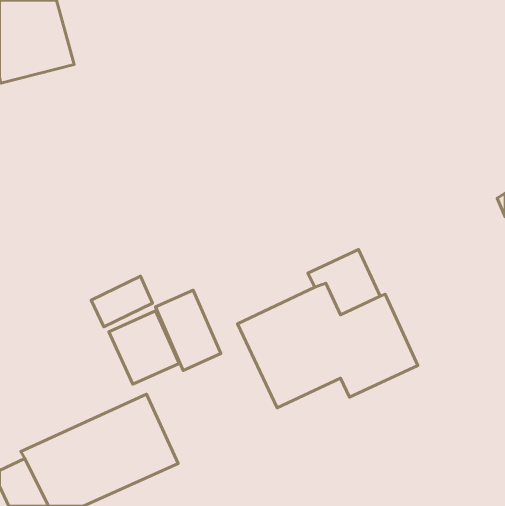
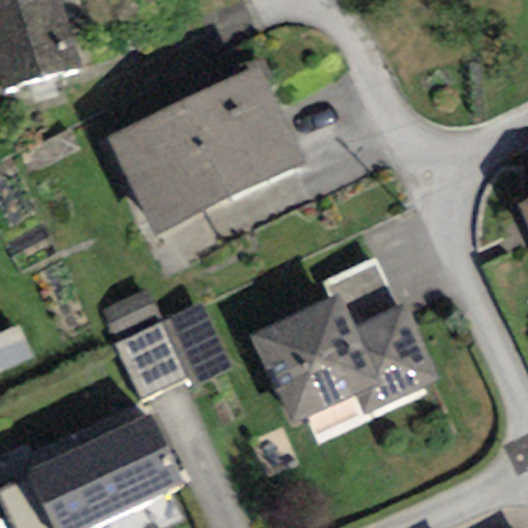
building: none -> [106,65,305,236]

